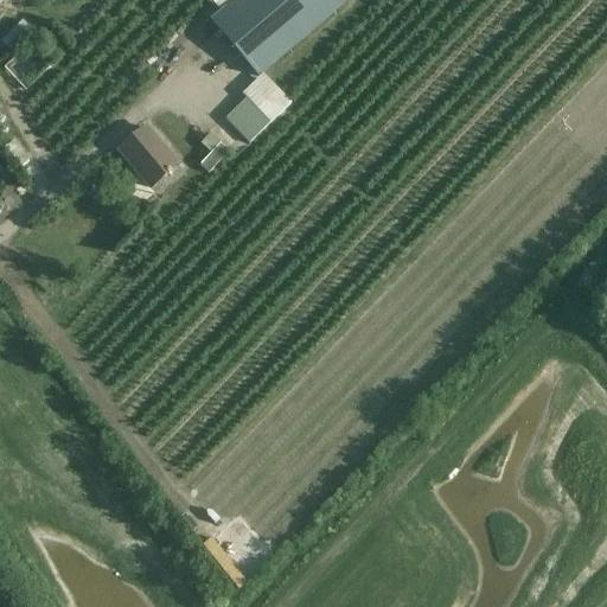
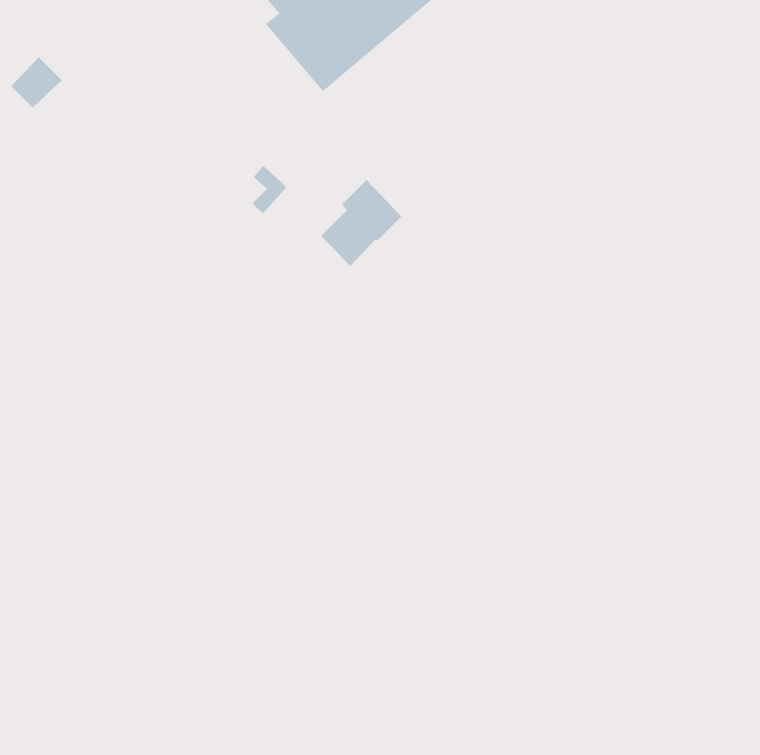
building: [226,71,292,141] -> [320,179,402,267]
building: [120,126,178,186] -> none

